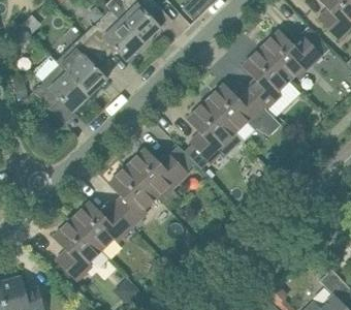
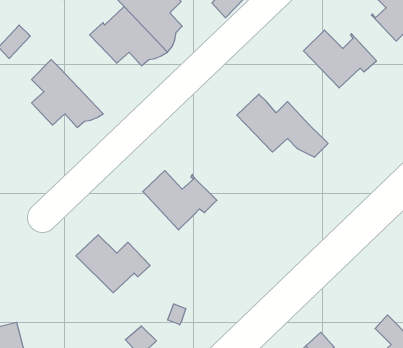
building: [57,33,106,99] -> none
building: [242,46,290,108] -> none
building: [186,100,243,162] -> none
building: [107,164,156,226] -> none
building: [53,218,101,280] -> none

